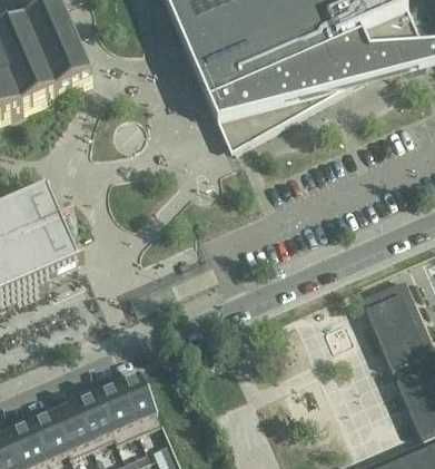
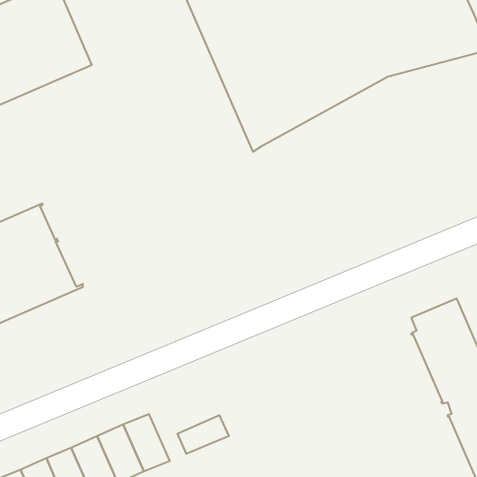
building: none -> [177,415,229,454]

